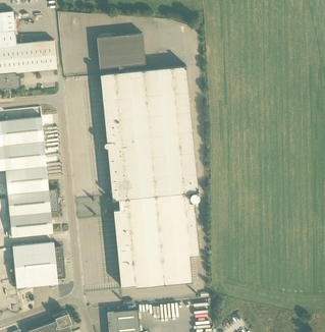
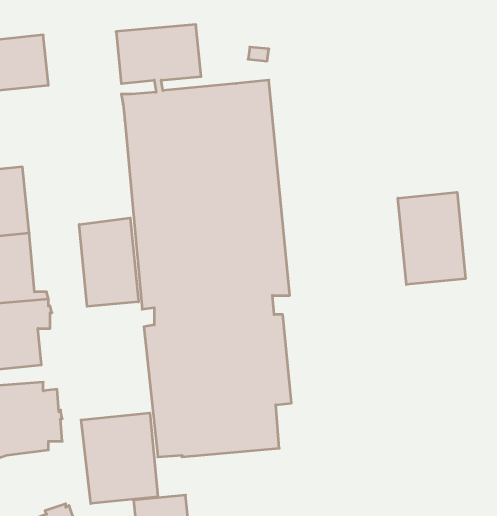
building: none -> [398,192,465,285]
building: none -> [79,218,138,306]
building: none -> [81,413,158,504]

